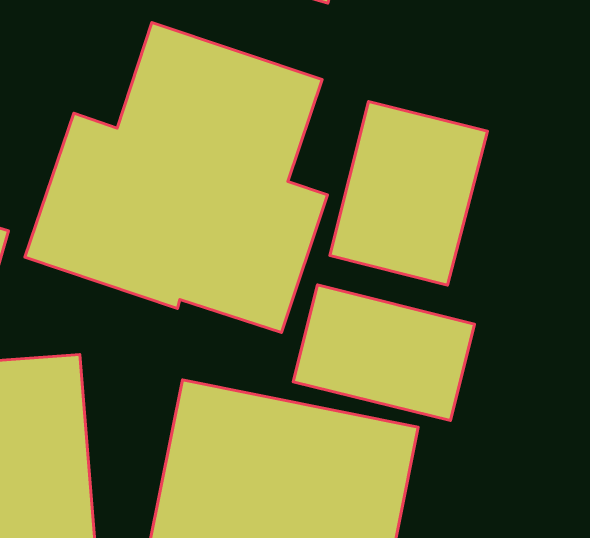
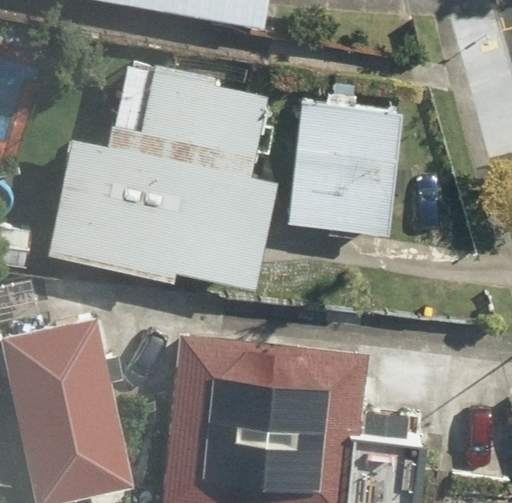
building: [293,285,474,420] -> none

